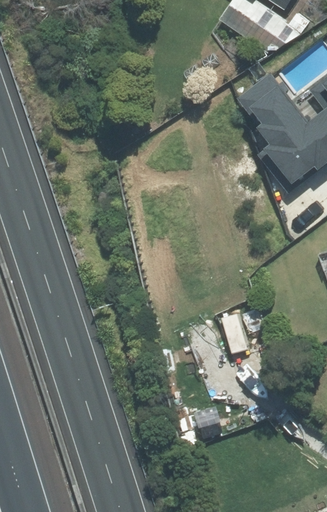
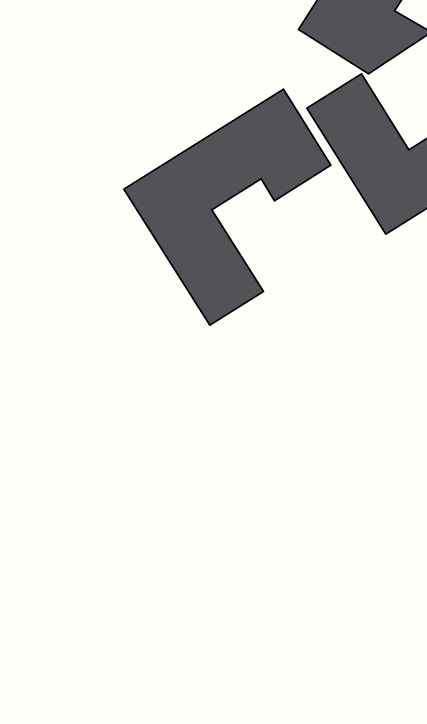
building: none -> [124,89,331,325]

